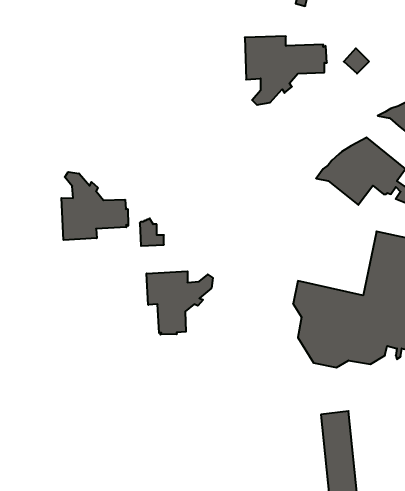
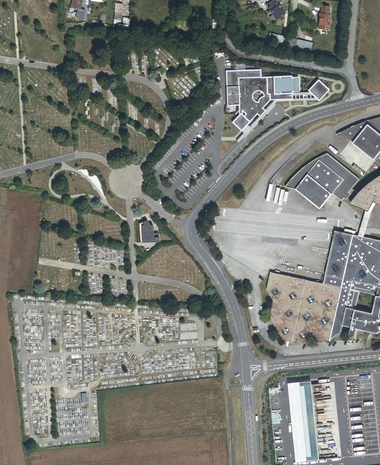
building: [61,172,128,240] -> none
building: [147,271,213,335] -> none

